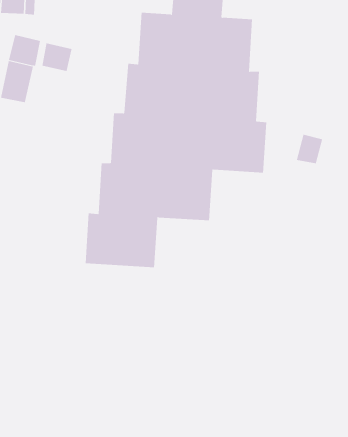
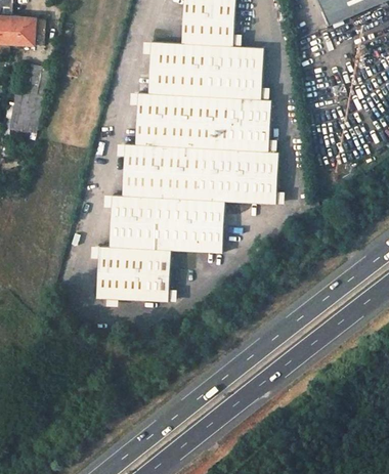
building: [42,43,72,72] -> none
building: [296,134,323,164] -> none

